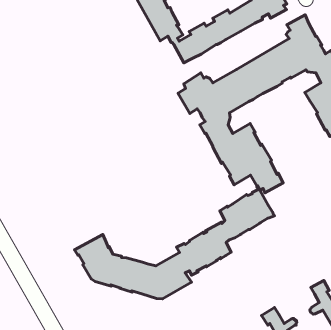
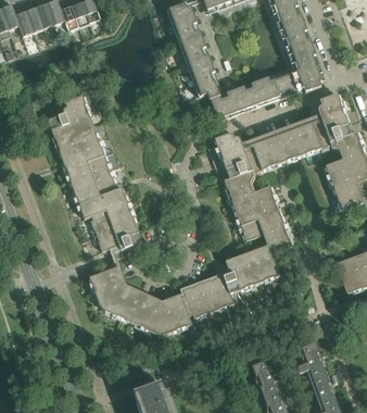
building: none -> [49,95,142,252]

